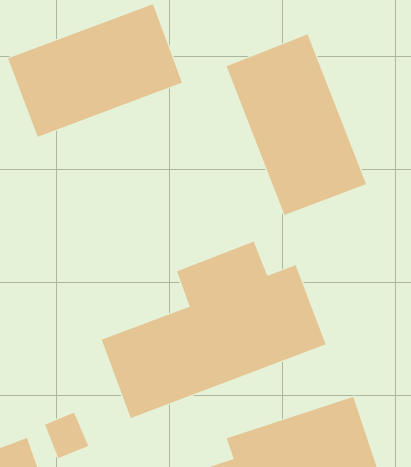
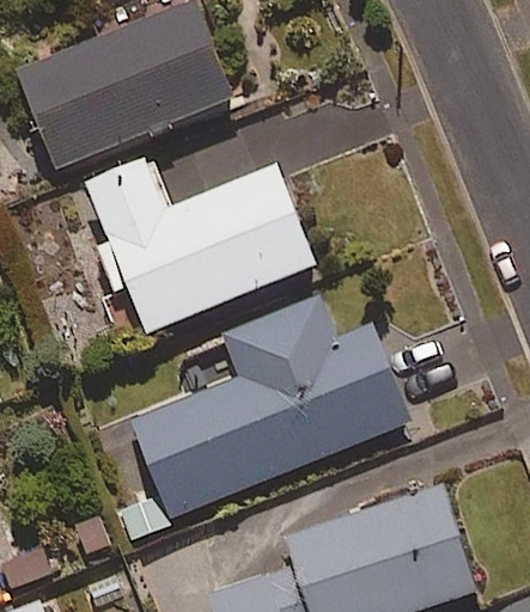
building: [226,33,367,216] -> none
building: none -> [85,163,315,333]

